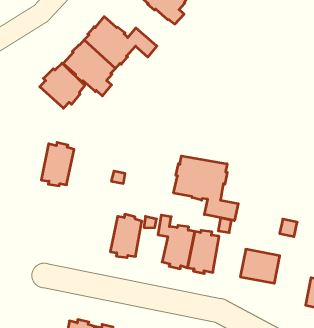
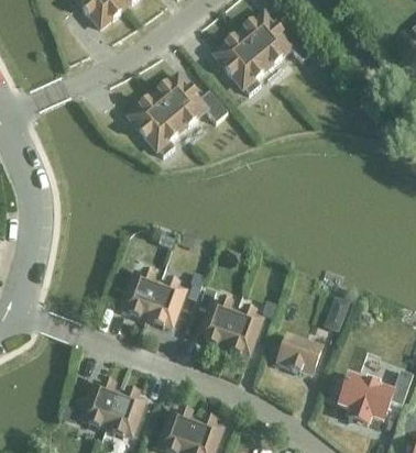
building: [40,63,85,108] -> none
building: [41,142,74,186] -> [120,272,158,317]
building: [174,156,238,221] -> none

